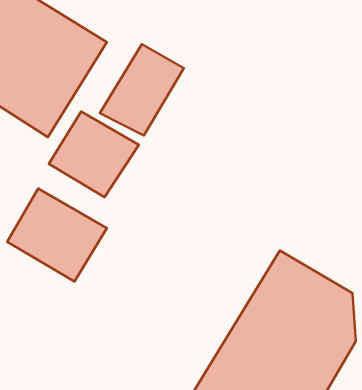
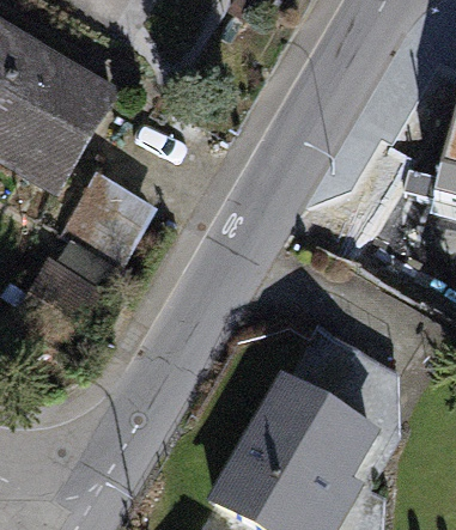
building: [100,44,184,135] -> none

